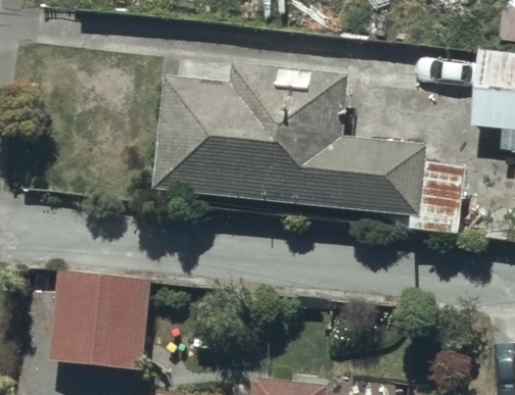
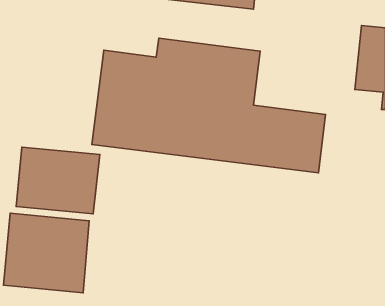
building: none -> [16,147,100,214]

